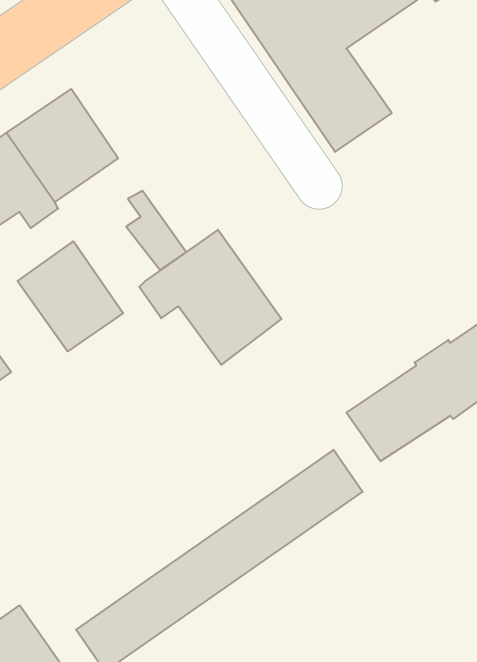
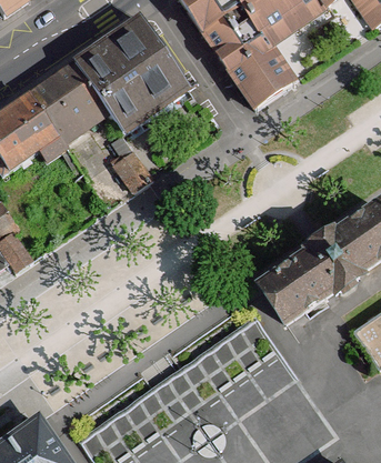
building: none -> [73,21,189,134]
building: [139,230,281,365] -> none
building: [18,241,123,351] -> none

